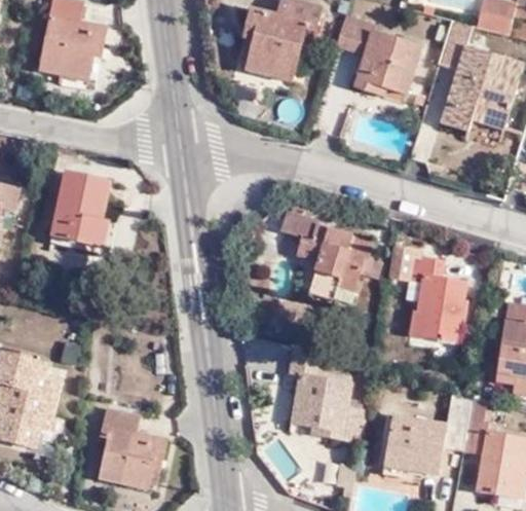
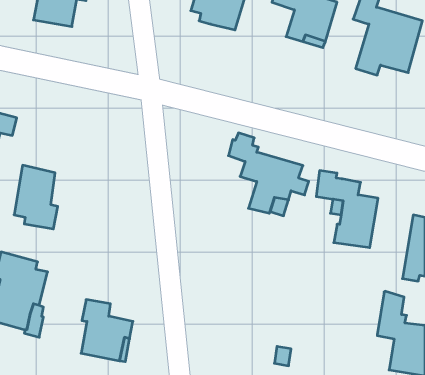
building: [58,169,111,247] -> [14,165,58,229]
building: [287,346,369,445] -> none
building: [384,397,473,473] -> none

